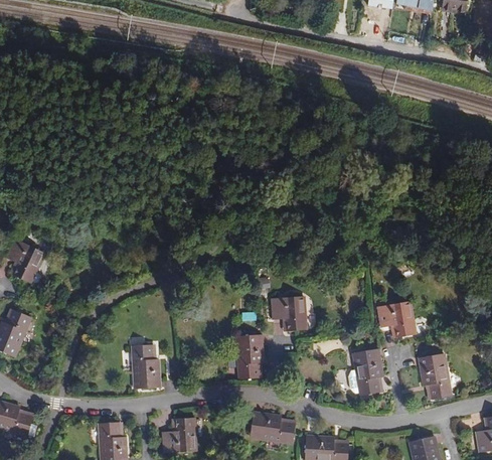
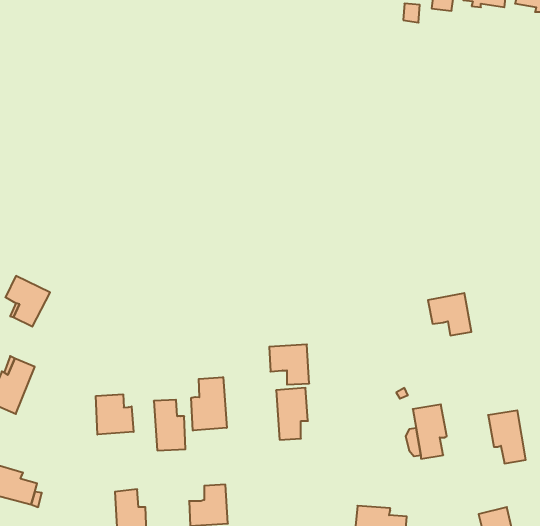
building: [272,296,306,330] -> [269,344,309,385]
building: [378,300,416,336] -> [428,293,471,335]
building: none -> [191,377,227,431]
building: none -> [96,394,134,435]
building: [251,411,296,442] -> none

